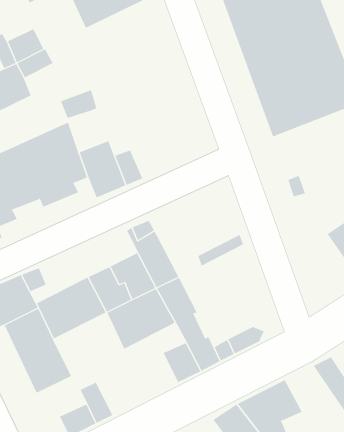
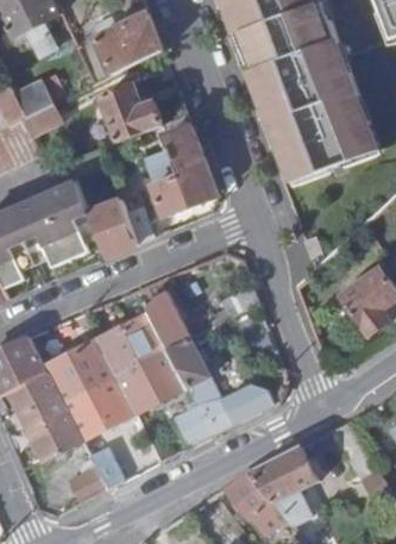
building: none -> [101,82,166,138]
building: none -> [150,125,218,213]
building: none -> [62,374,134,439]

